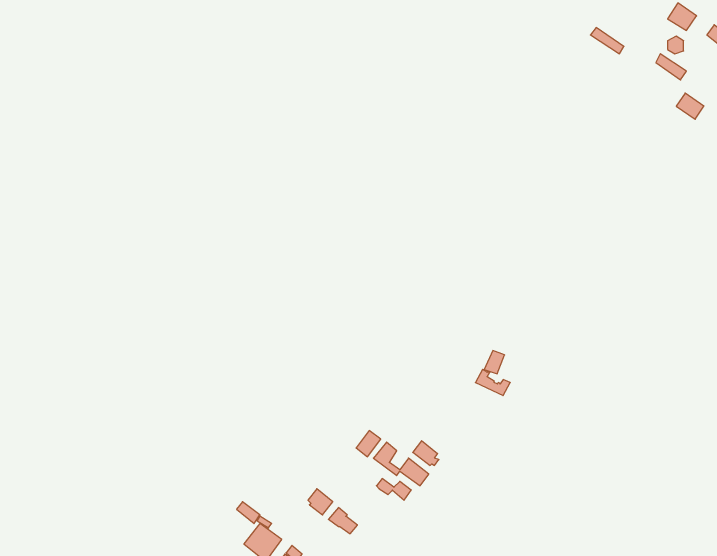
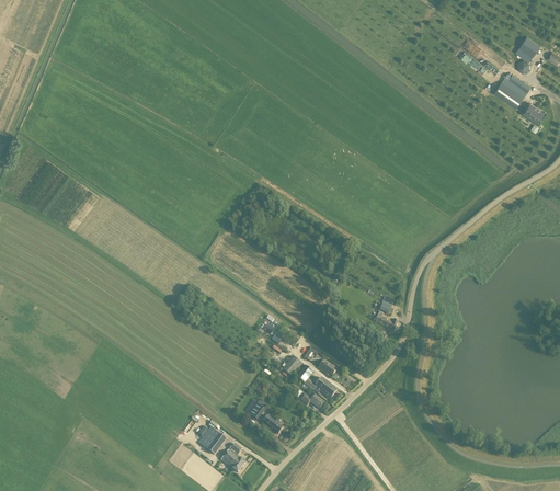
building: none -> [492,80,523,109]

